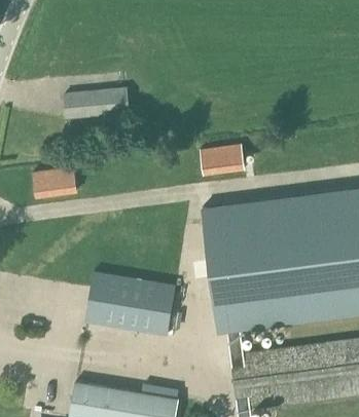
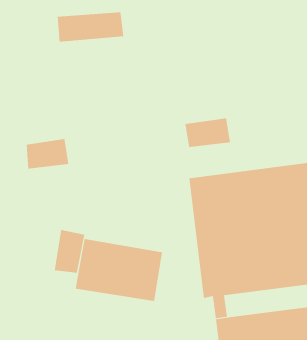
building: [61,88,131,120] -> [57,12,124,42]
building: none -> [54,229,85,273]

